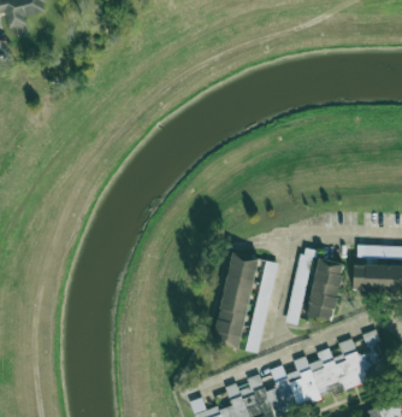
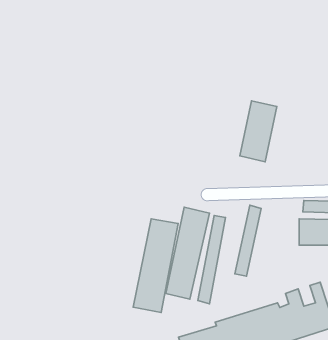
building: [306,257,344,321] -> [240,101,277,162]
building: none -> [133,219,178,312]

